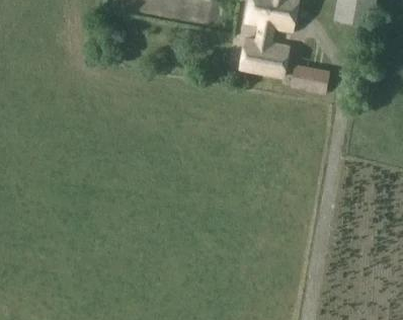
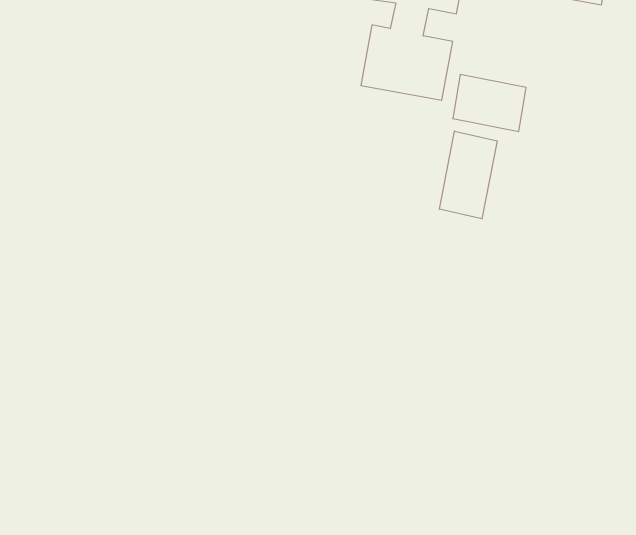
building: none -> [439,131,497,219]

